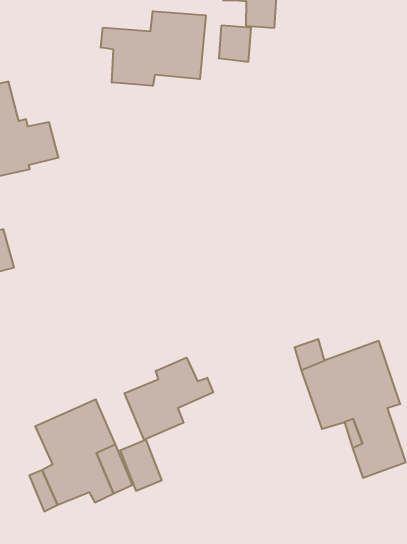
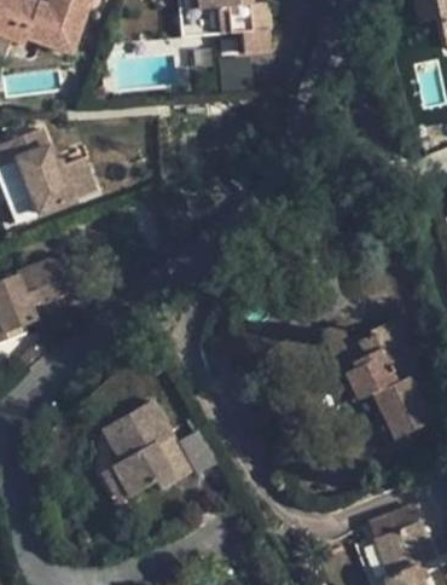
building: [101,11,206,86] -> none
building: [125,358,213,440] -> none

